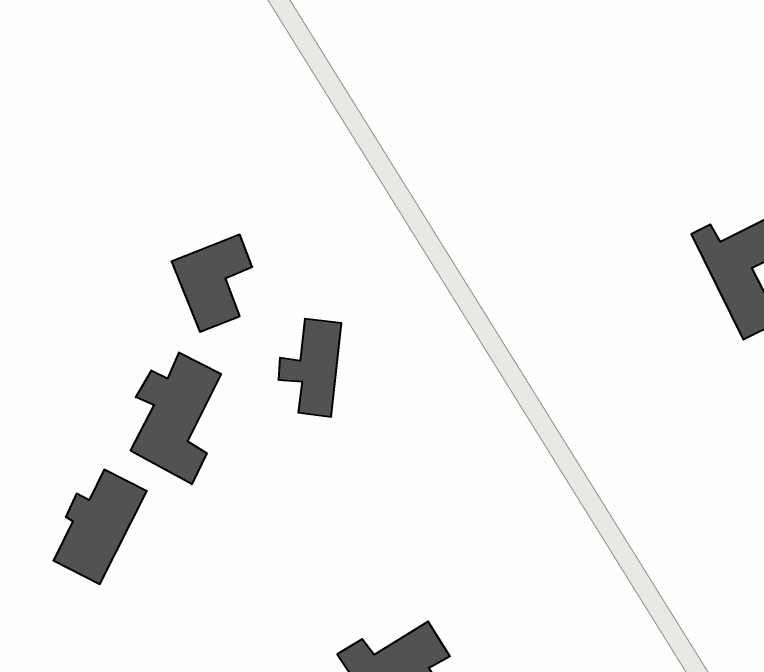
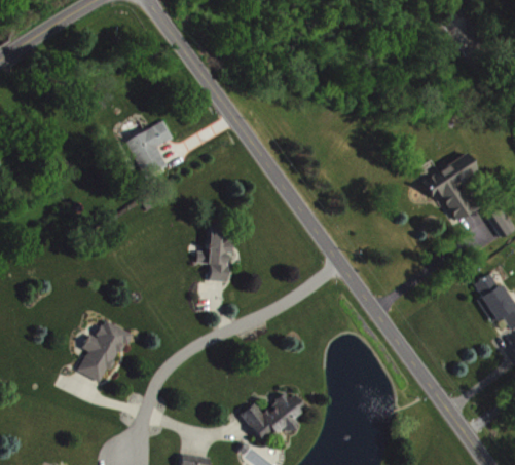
building: [171,235,252,332] -> [127,121,173,177]
building: [131,352,221,484] -> none

